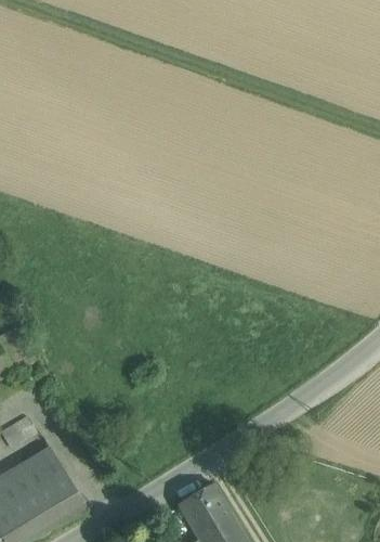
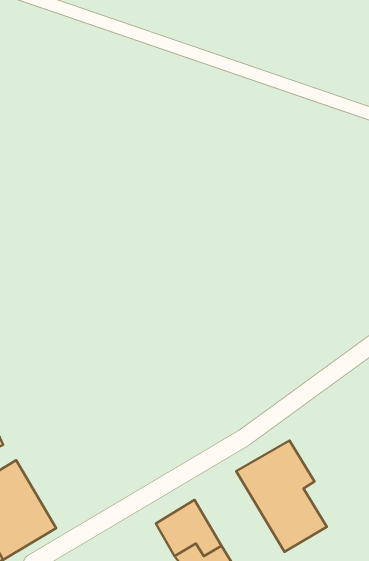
building: none -> [236,440,327,552]

